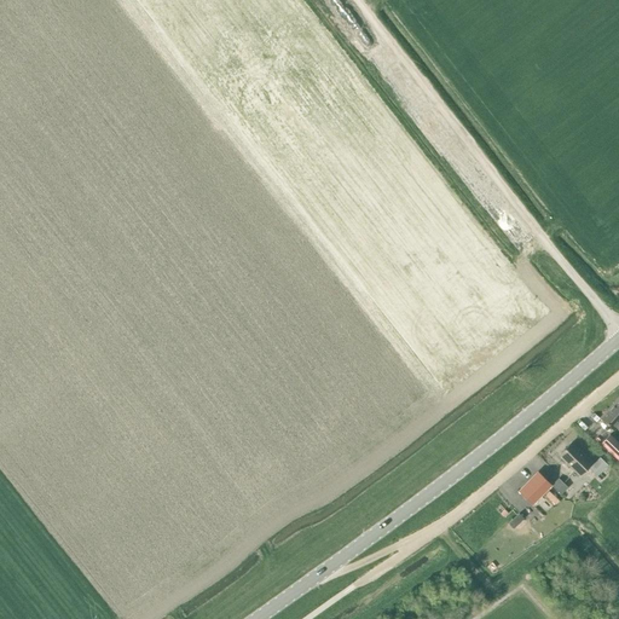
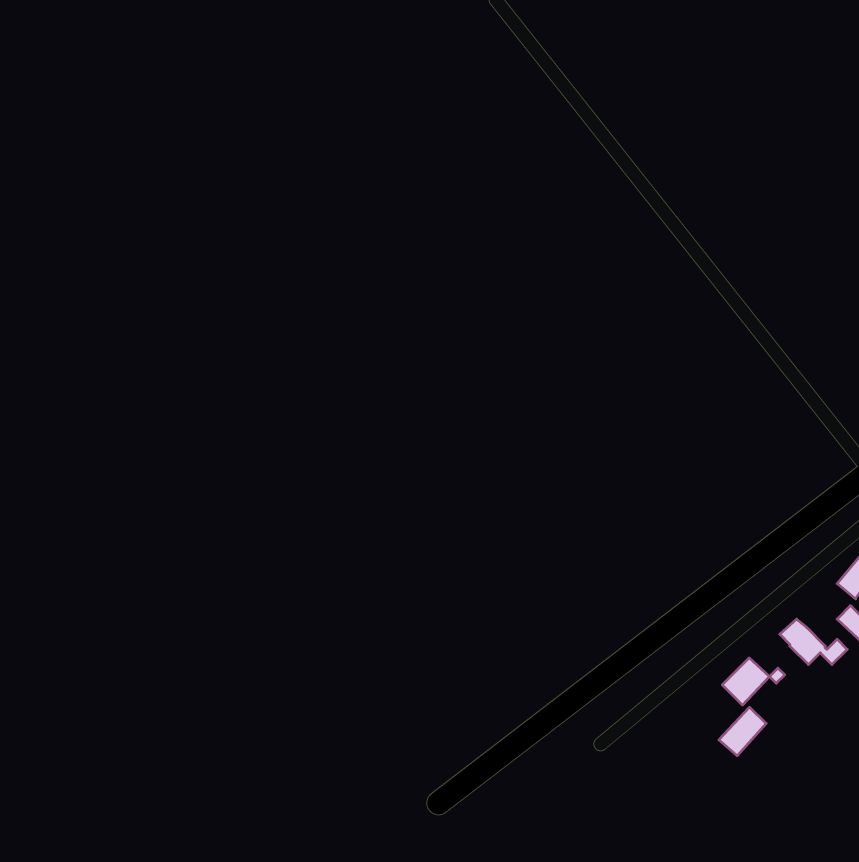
building: none -> [719,707,766,756]

